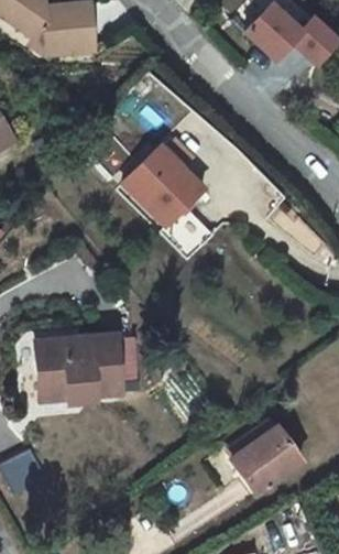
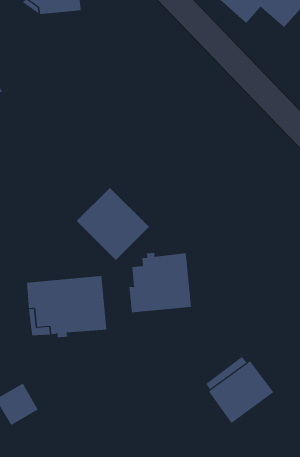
building: [125,146,205,226] -> [76,187,150,261]
building: none -> [129,252,191,313]

